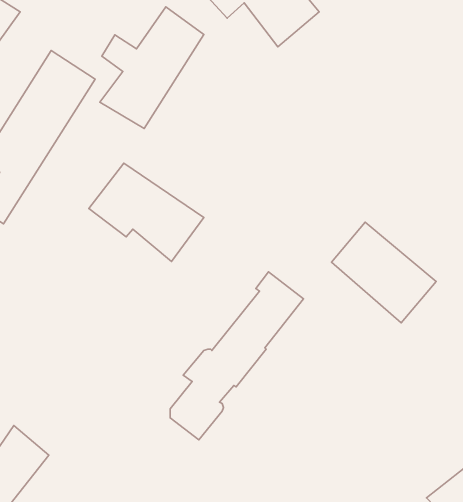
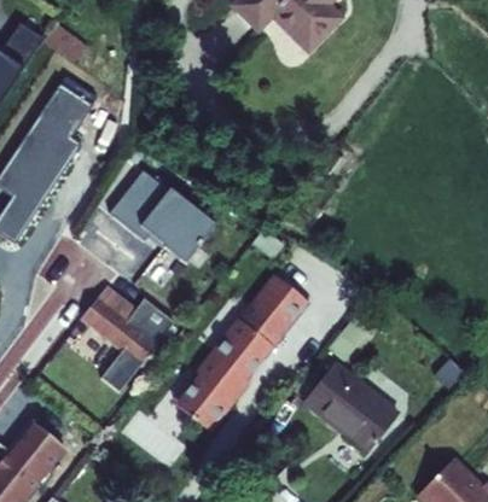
building: [100,7,204,128] -> none
building: [331,222,436,323] -> [308,364,406,459]
building: none -> [81,284,173,387]

